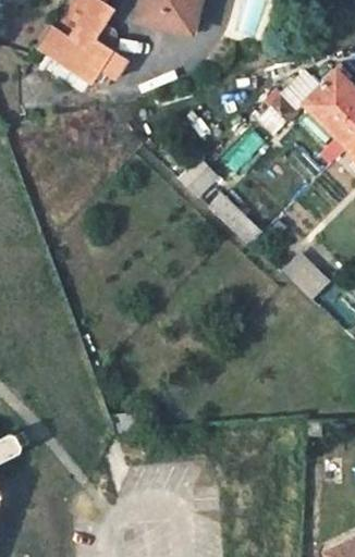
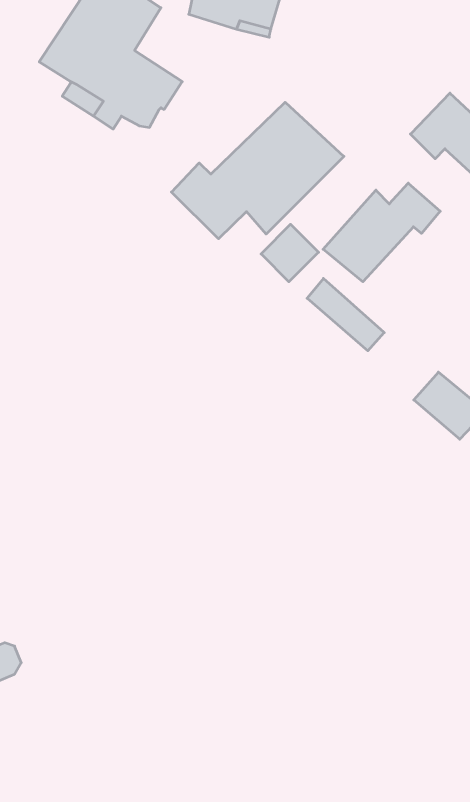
building: none -> [171,102,344,239]
building: none -> [323,183,440,282]

